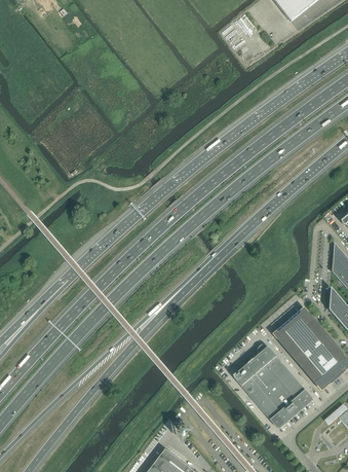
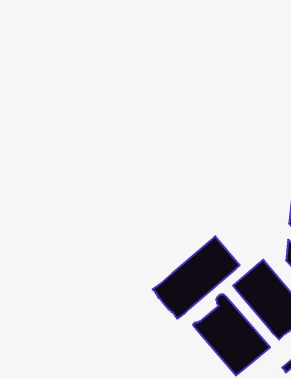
building: none -> [153,236,240,319]

